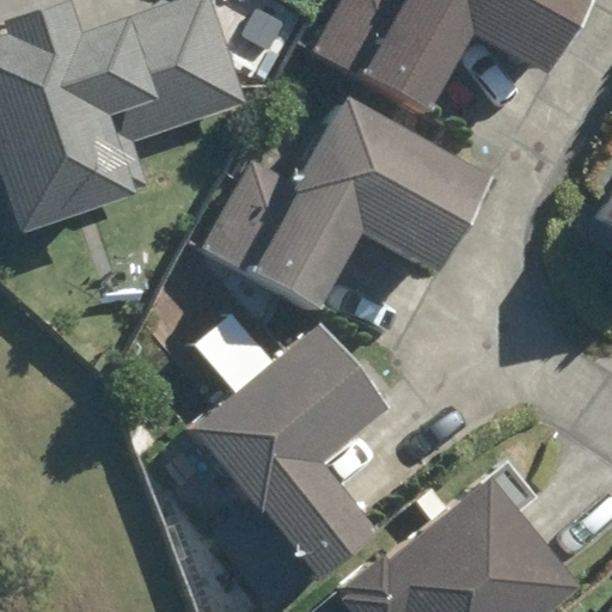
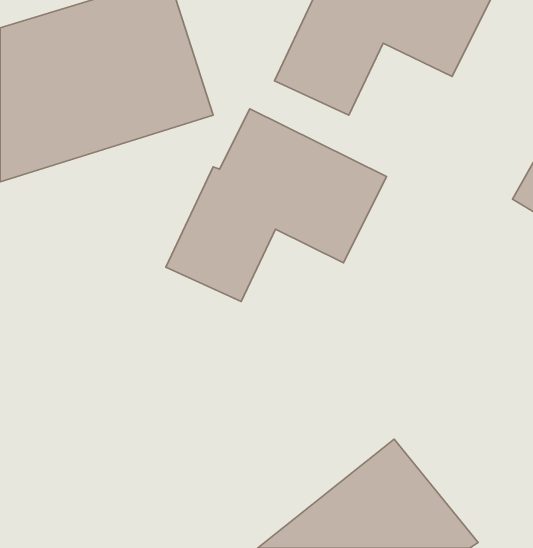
building: [166,343,356,589] -> none

